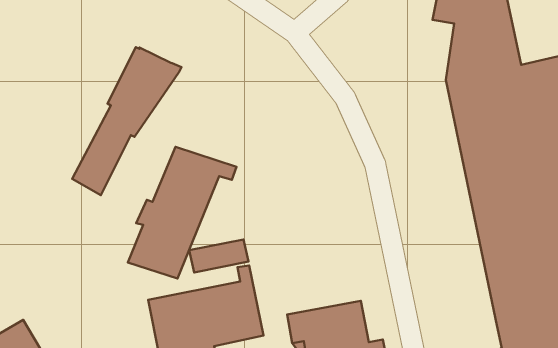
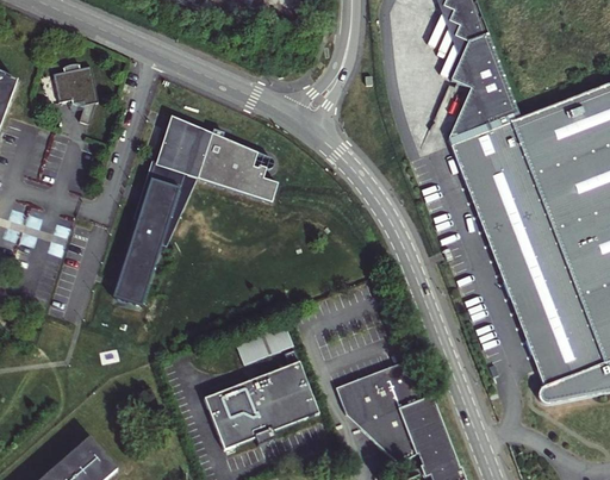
building: none -> [155,126,276,202]
building: [128,147,236,279] -> none

